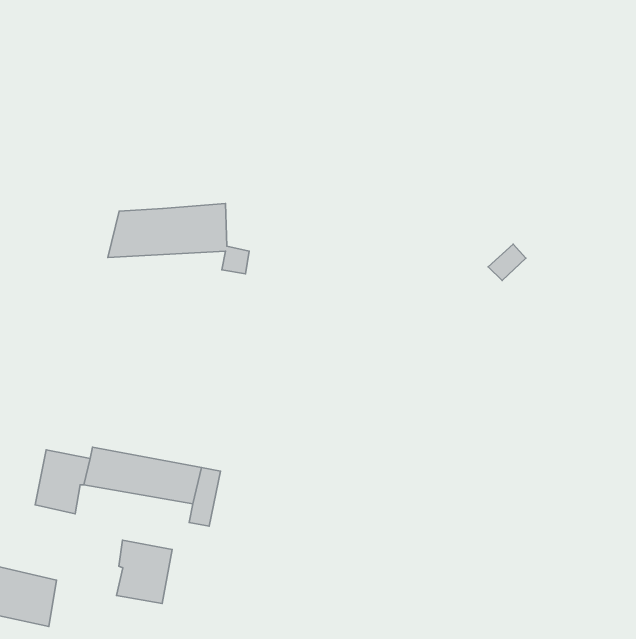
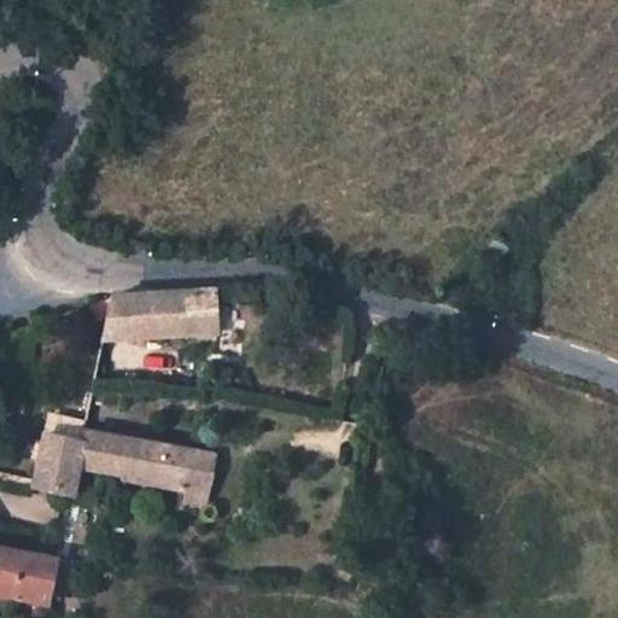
building: [108,204,249,274] -> [103,287,239,355]
building: [117,540,172,604] -> none

